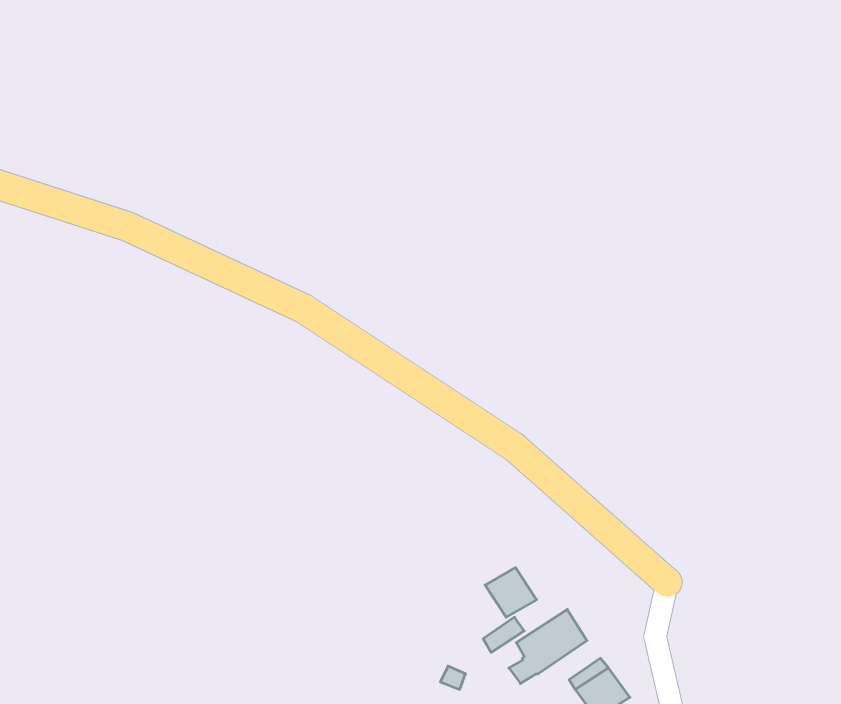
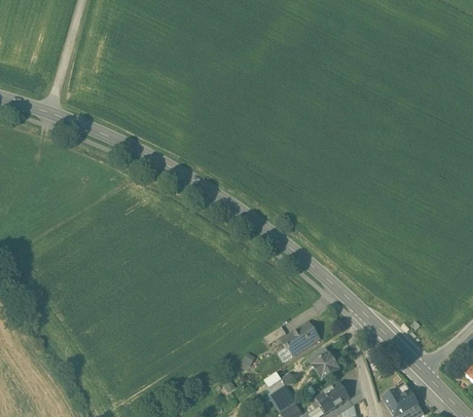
building: [485,568,537,617] -> none

